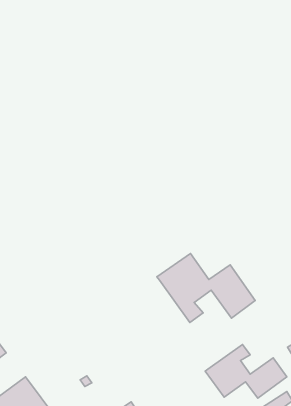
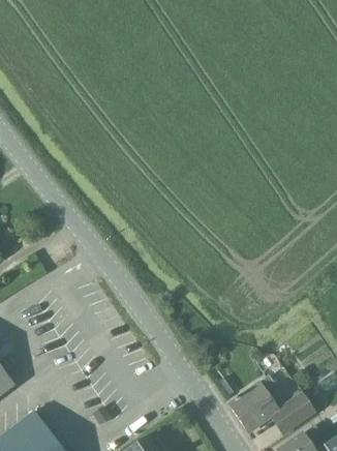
building: [157,254,255,322] -> none

